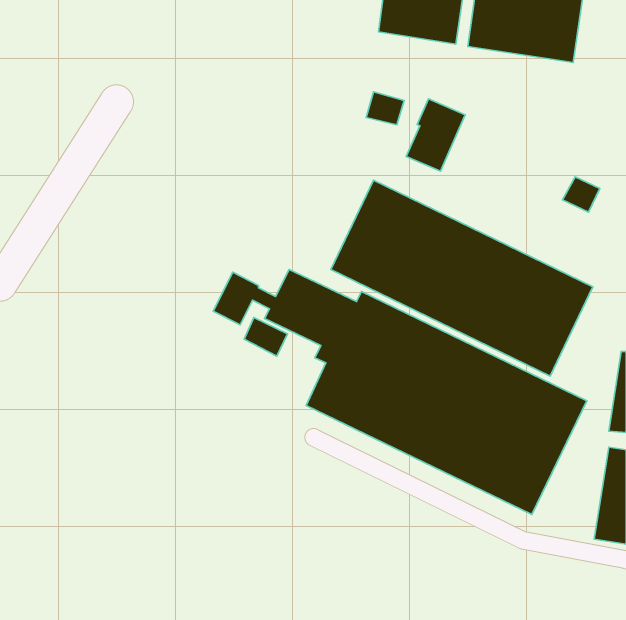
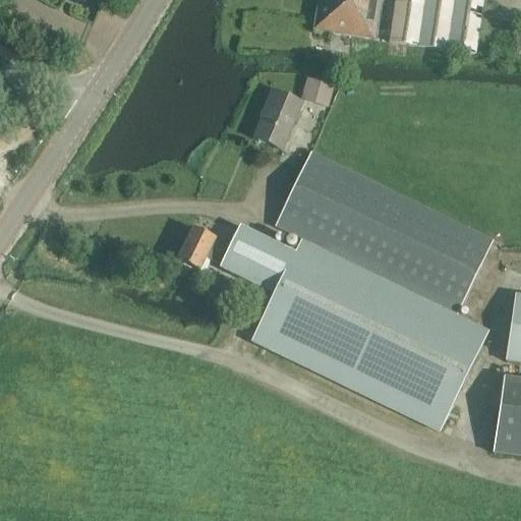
building: [406,99,465,171] -> [253,88,302,148]
building: [563,177,600,212] -> none
building: [244,318,287,356] -> none

